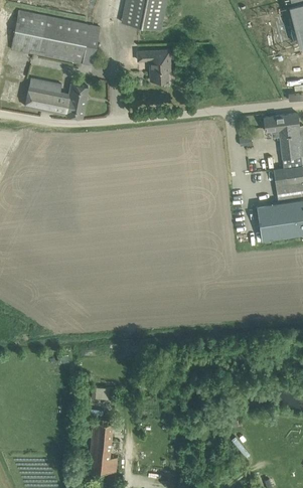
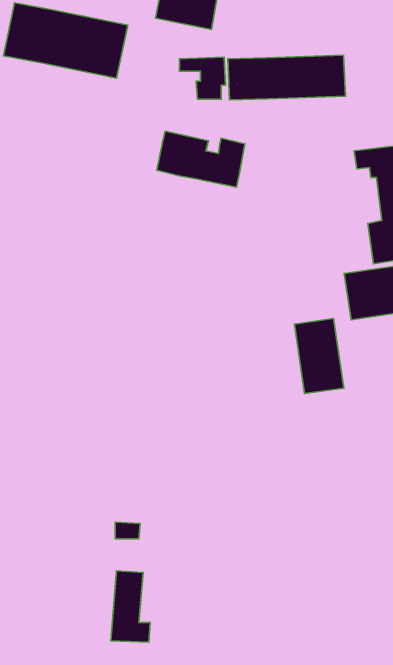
building: none -> [228,55,345,100]
building: [24,76,88,117] -> [157,131,245,187]
building: none -> [294,319,344,394]

